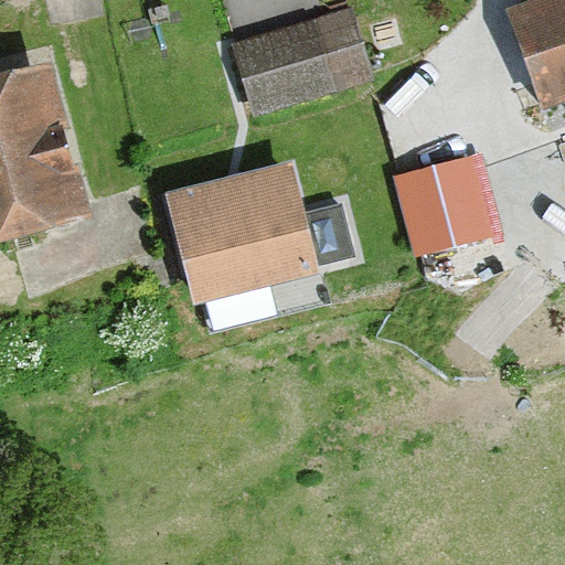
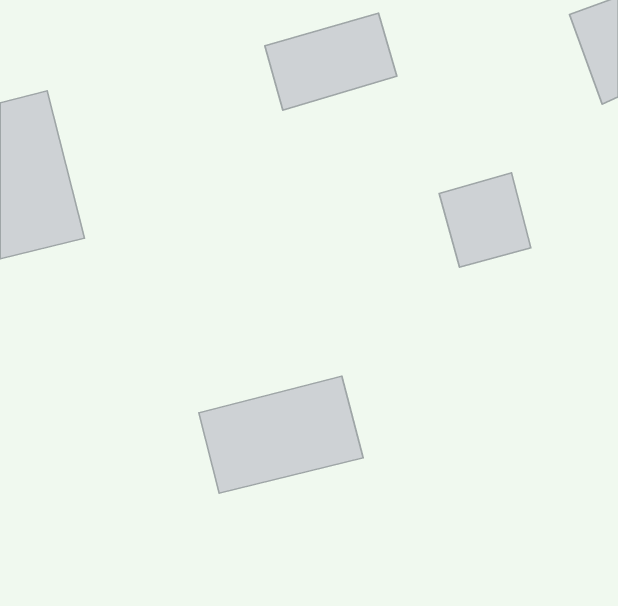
building: [173,170,310,297] -> none
building: none -> [199,376,363,493]

